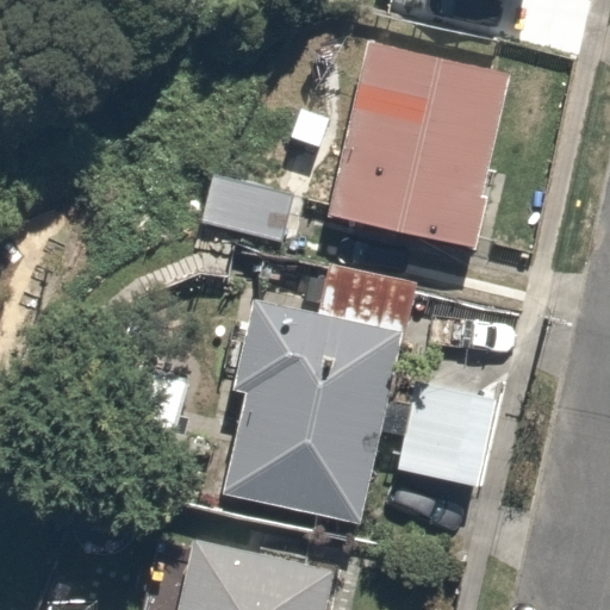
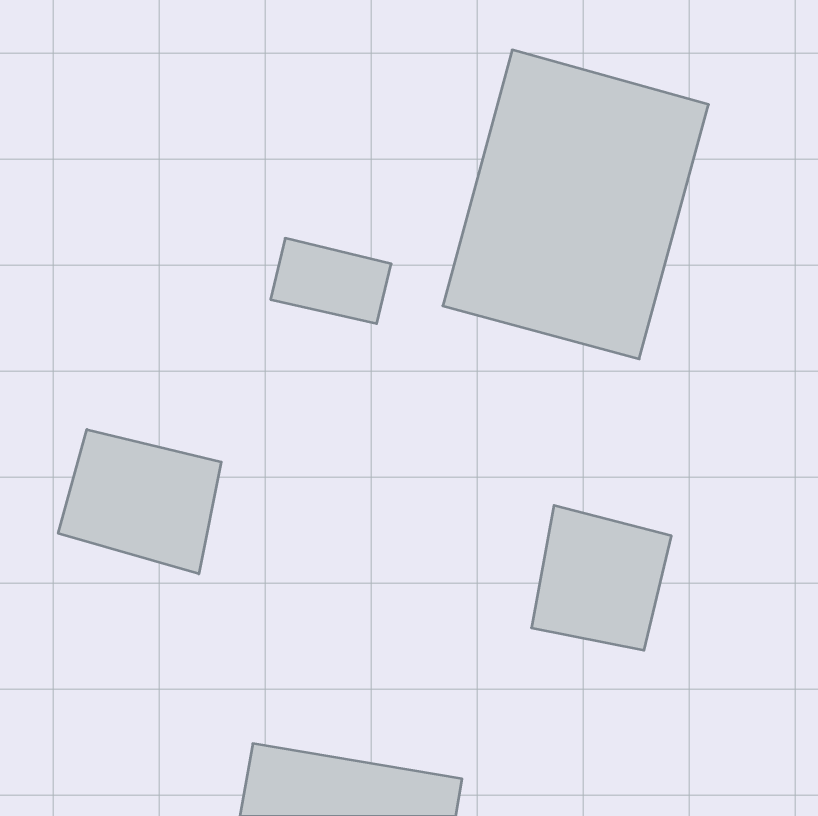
building: [222,307,399,524] -> none
building: none -> [58,429,221,574]

